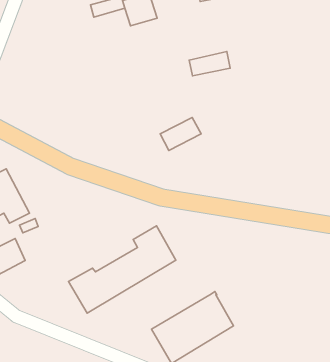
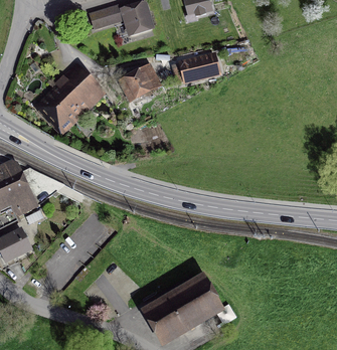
building: none -> [39,68,99,127]
building: [160,117,201,151] -> [120,67,157,98]
building: [69,226,176,313] -> none

